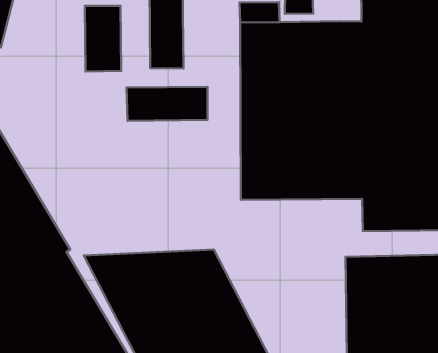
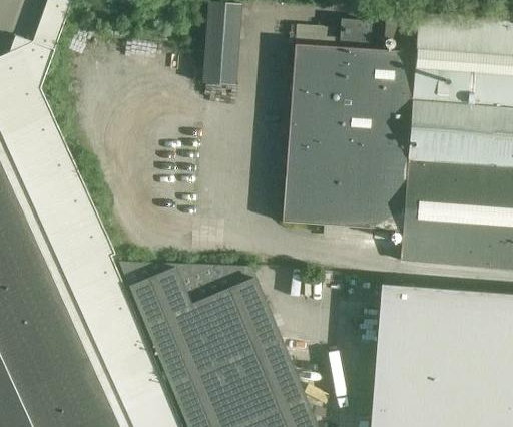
building: [85,6,121,72] -> none
building: [126,87,208,121] -> none

